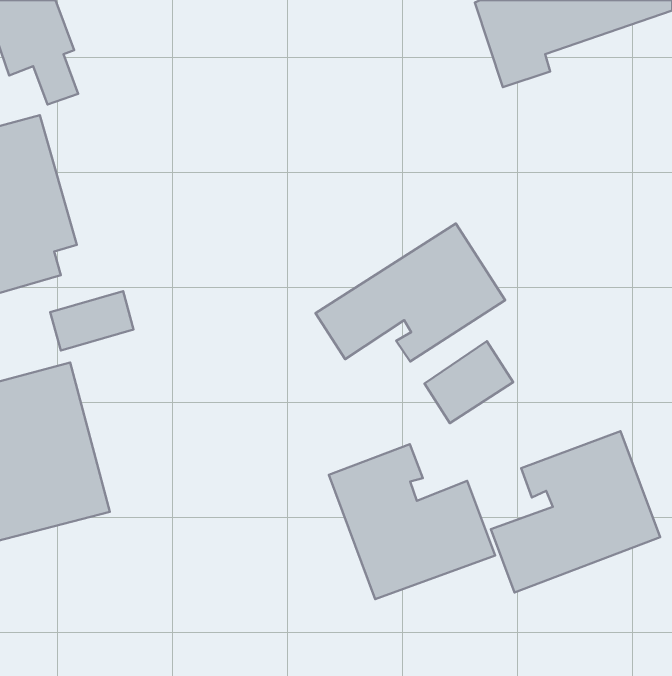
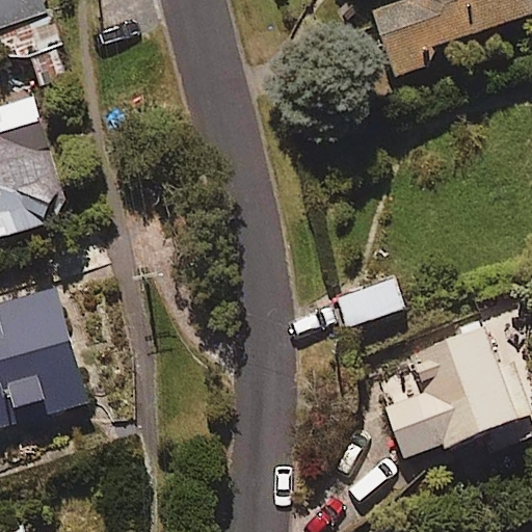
building: [315,224,505,362] -> none
building: [329,444,495,599] -> none

